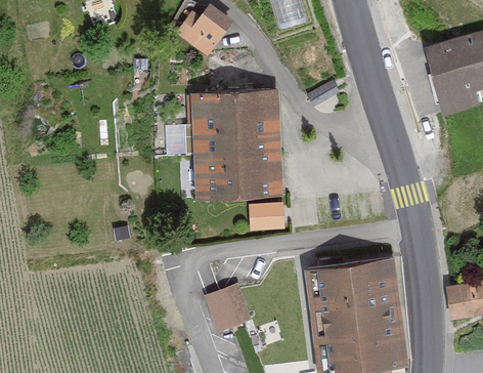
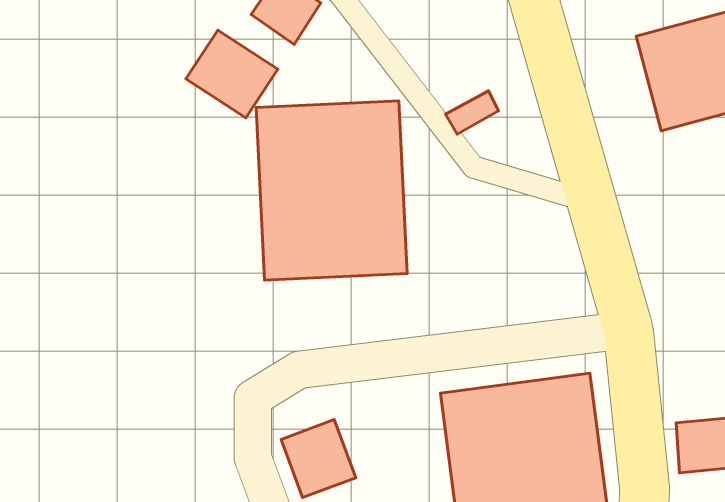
building: none -> [186,30,278,118]
building: [248,203,286,233] -> none

